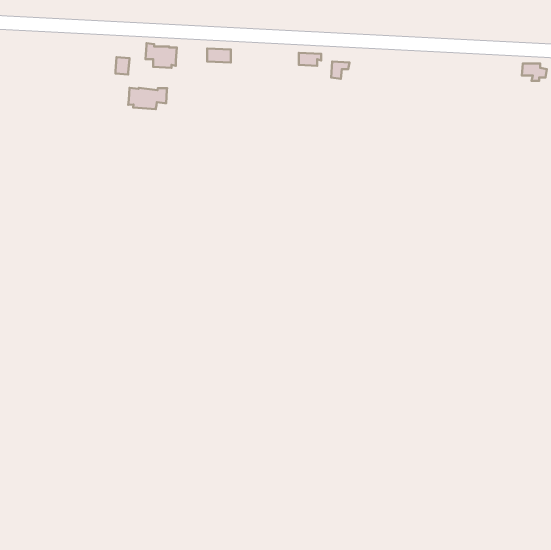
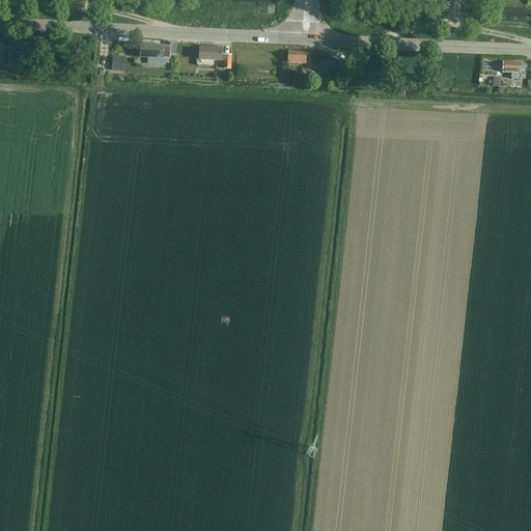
building: [128,88,167,109] -> none

